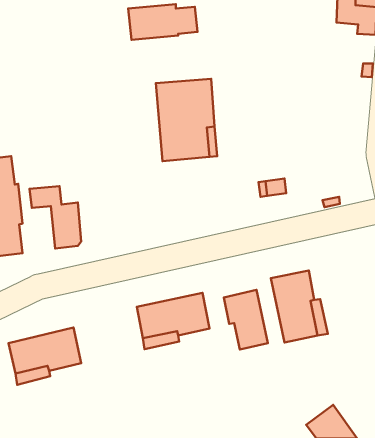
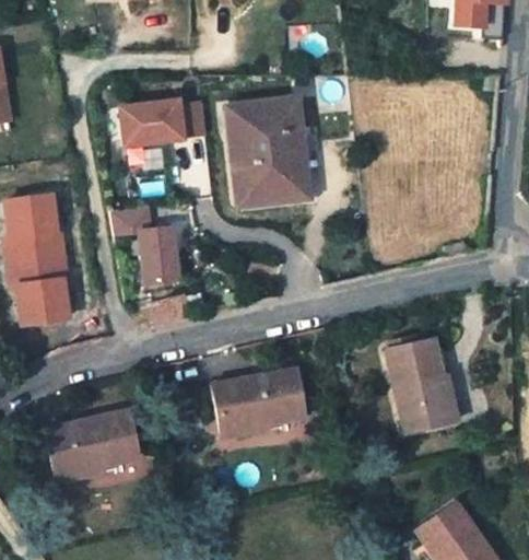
building: [128,4,197,40] -> [121,97,209,142]
building: [29,186,81,249] -> [119,203,185,282]
building: [224,290,268,349] -> none

